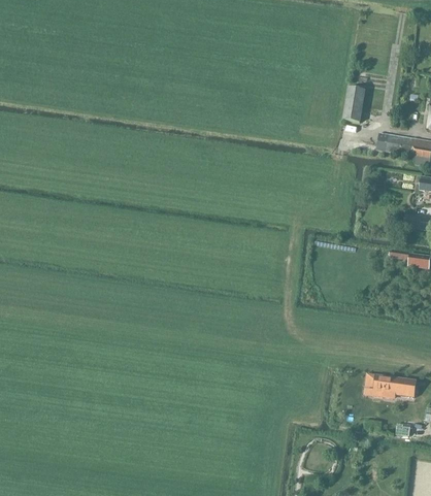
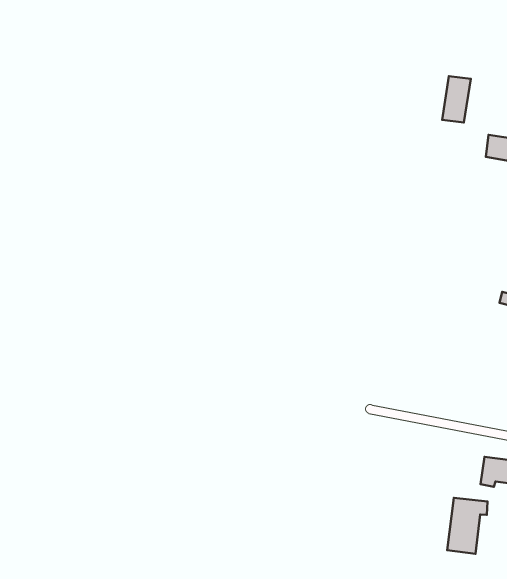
building: none -> [447,498,487,554]

